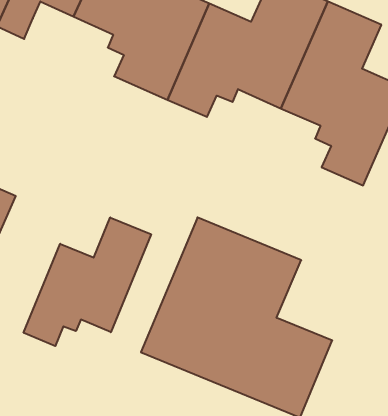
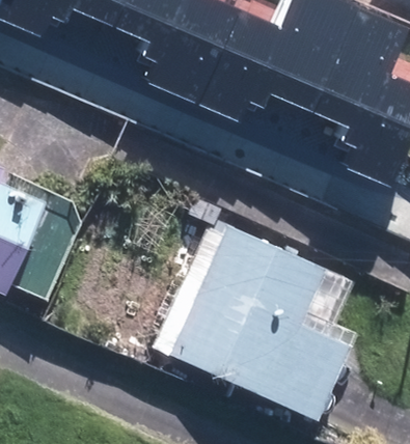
building: [24,217,151,346] -> none

